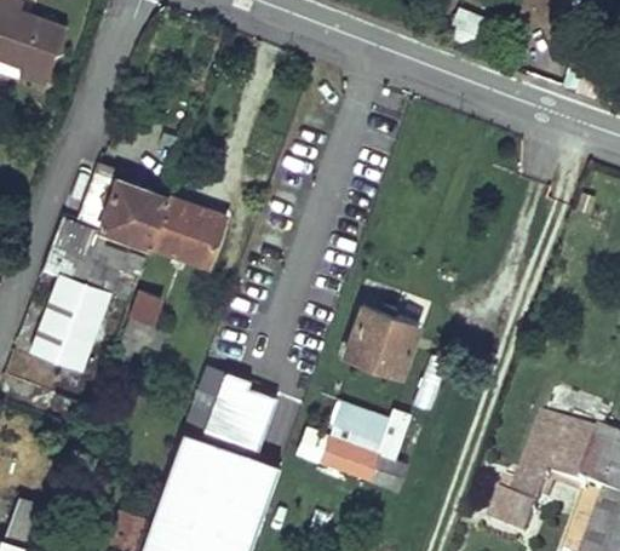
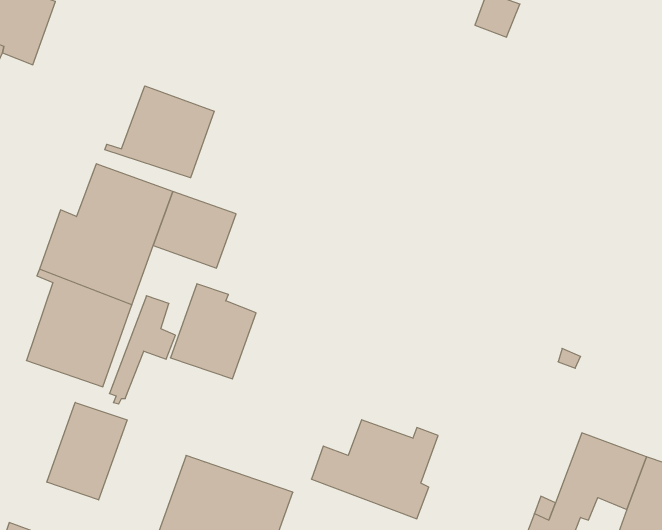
building: none -> [105,86,214,178]
building: [338,305,423,384] -> none
building: [196,374,275,461] -> [170,284,256,379]
building: none -> [47,402,127,500]

